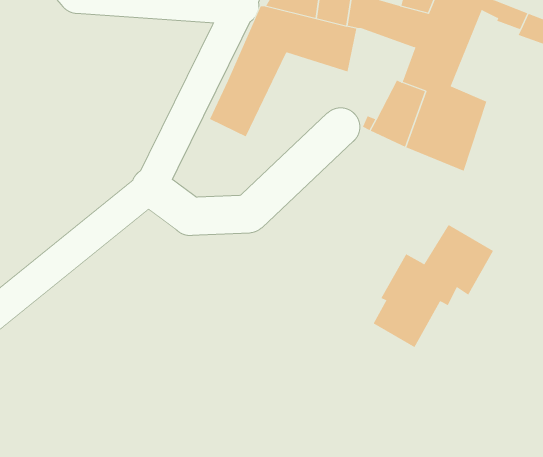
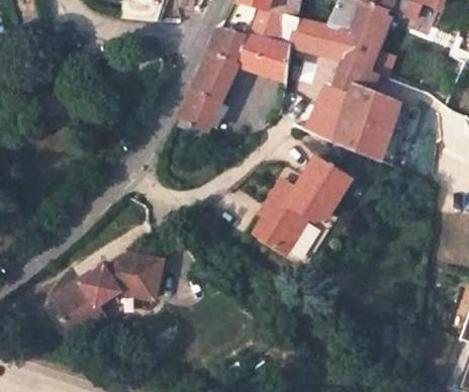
building: [373,224,494,348] -> [257,154,353,252]
building: none -> [51,255,161,328]

